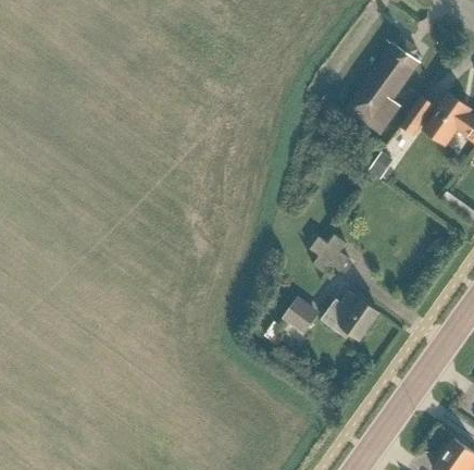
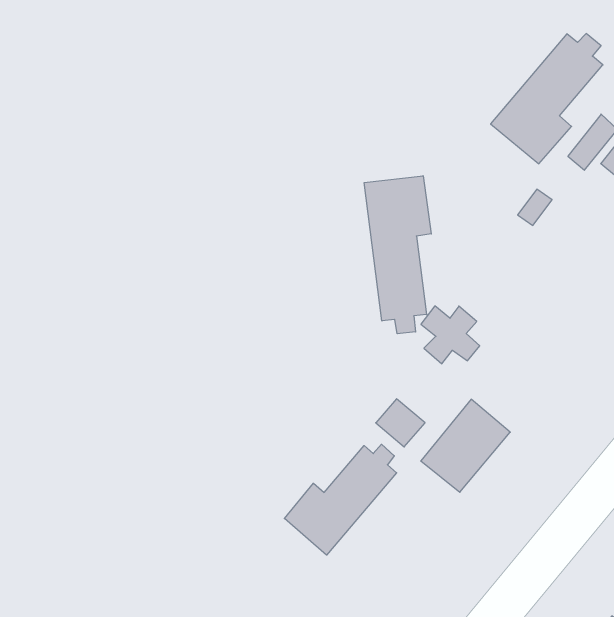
building: none -> [364,176,431,334]
building: none -> [284,444,397,555]

